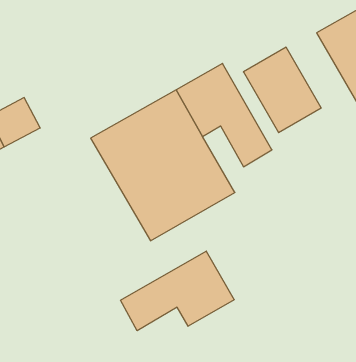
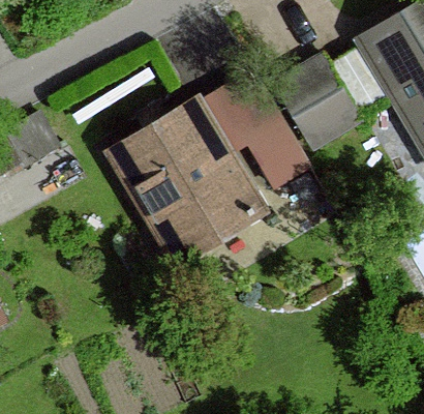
building: [121,251,234,331] -> none

